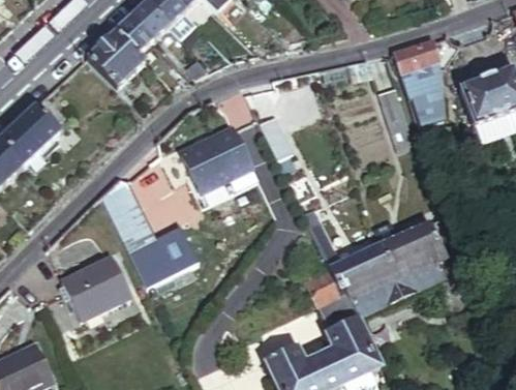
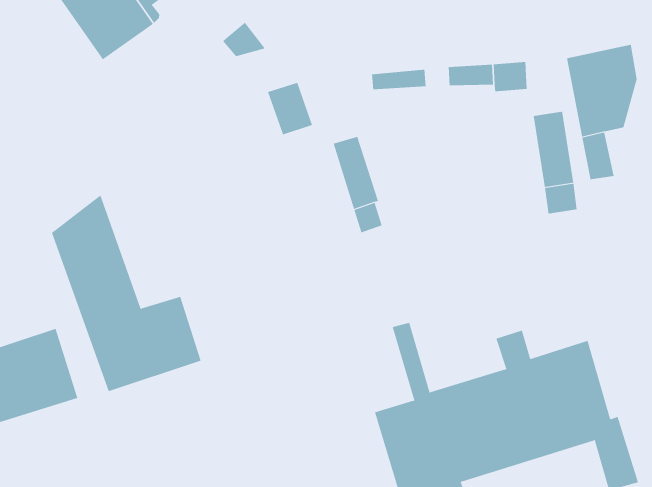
building: [187,127,257,190] -> none

